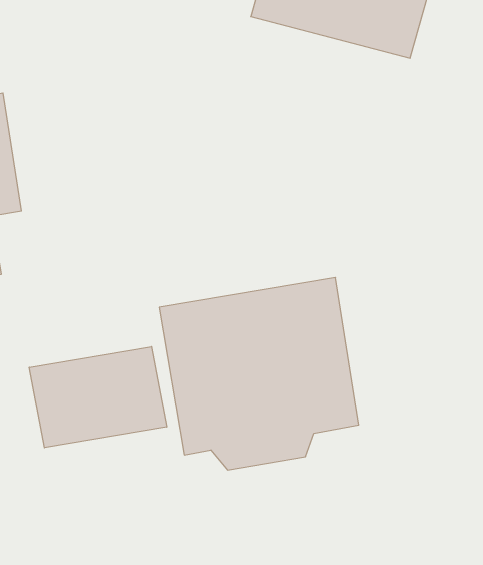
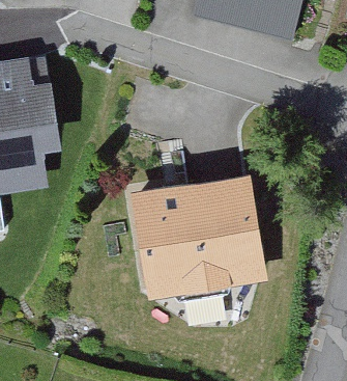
building: [29,346,167,448] -> none

